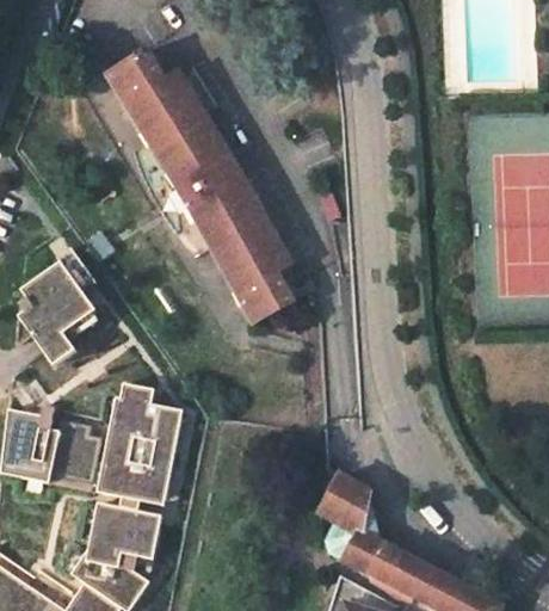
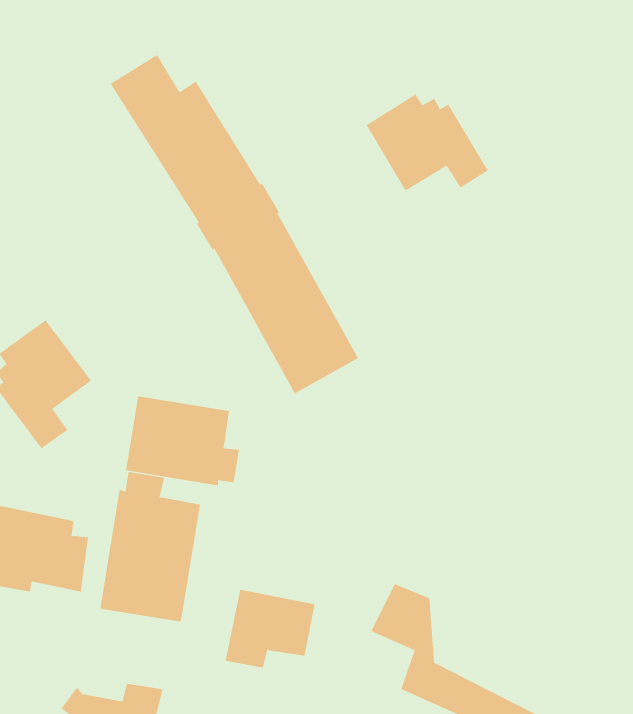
building: none -> [366,93,488,192]
building: none -> [125,396,240,486]
building: [86,505,159,568] -> [225,589,316,668]

